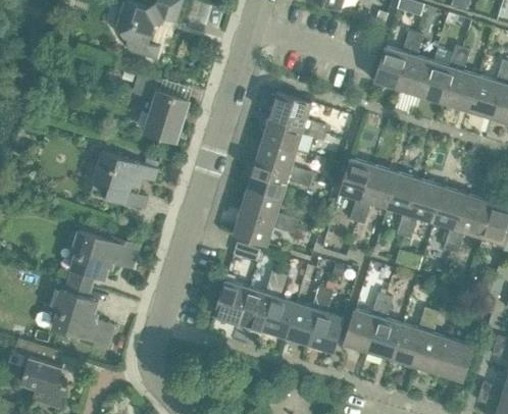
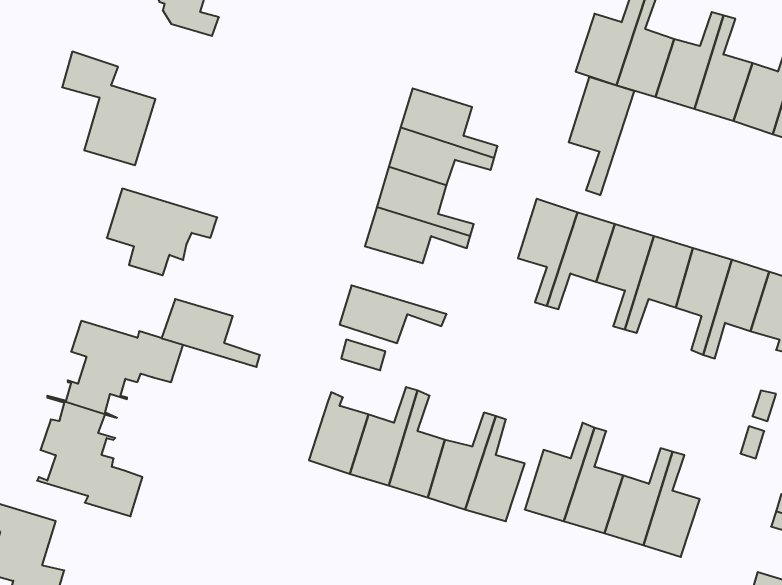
building: [133,72,189,141] -> [62,52,155,165]
building: none -> [569,77,634,195]
building: [240,187,299,227] -> [161,299,260,367]
building: [438,338,474,381] -> none

